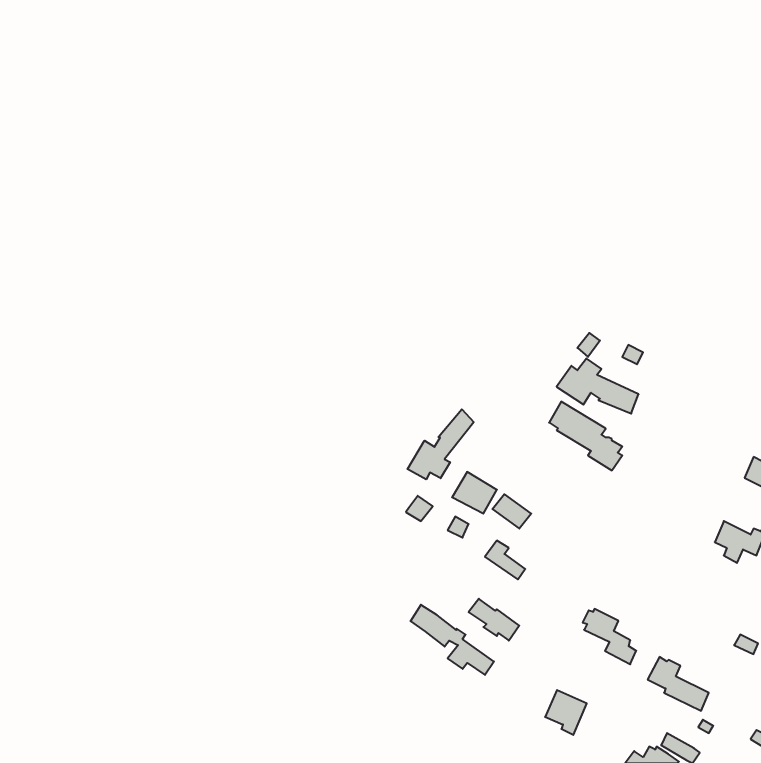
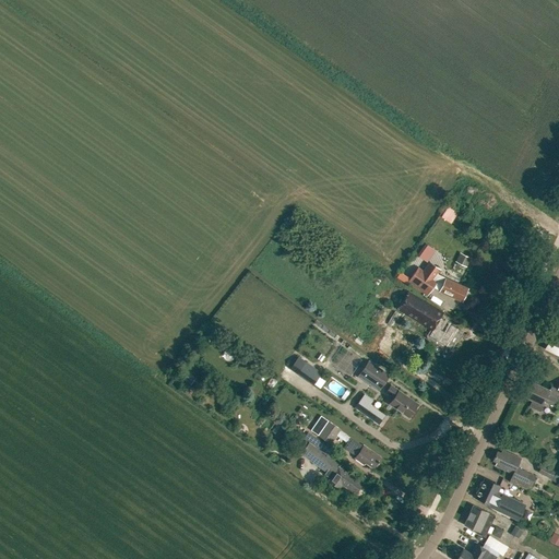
building: [407,409,474,479] -> none
building: none -> [388,385,418,417]
building: none -> [311,415,342,443]
building: [583,609,636,664] -> [495,451,534,491]
building: [545,690,587,735] -> [465,506,496,538]

